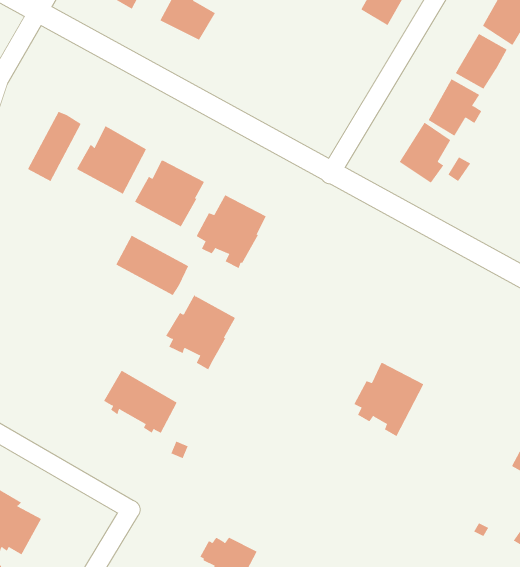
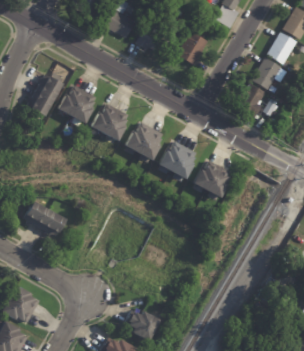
building: none -> [136,25,170,55]
building: none -> [173,32,208,66]
building: [115,235,189,296] -> none
building: [165,294,236,370] -> [158,141,197,183]
building: [354,362,424,437] -> [192,160,231,201]
building: [103,370,177,433] -> [23,201,64,236]

